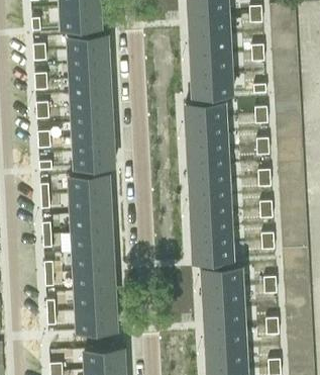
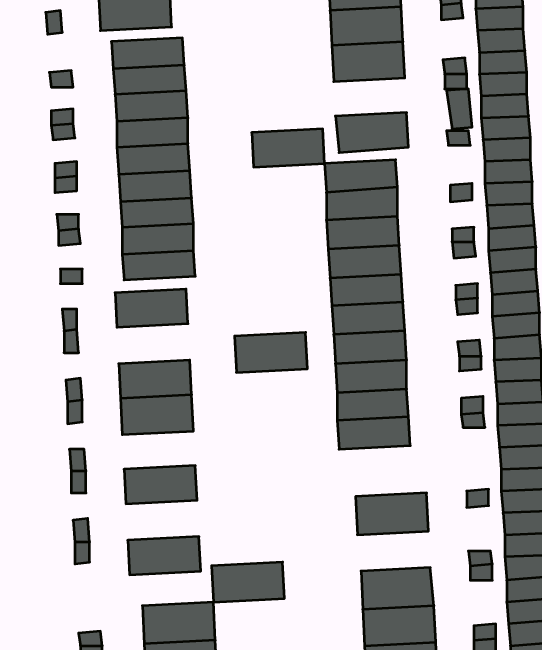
building: [191,55,231,76] -> [252,129,325,167]
building: [71,191,111,213] -> [235,332,307,372]
building: [74,251,114,272] -> none
building: [202,265,242,287] -> none
building: [76,289,116,311] -> [212,562,284,602]
building: [204,306,244,329] -> none

